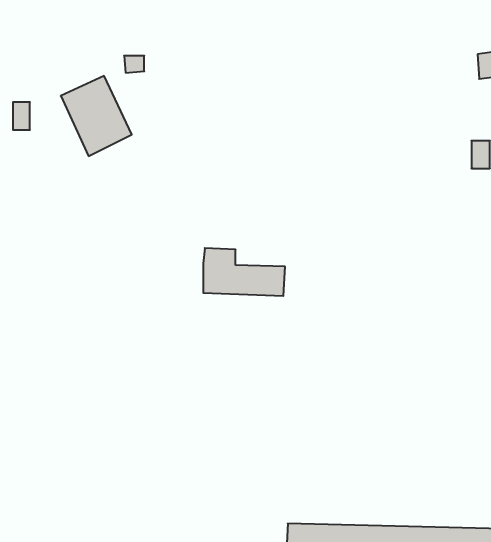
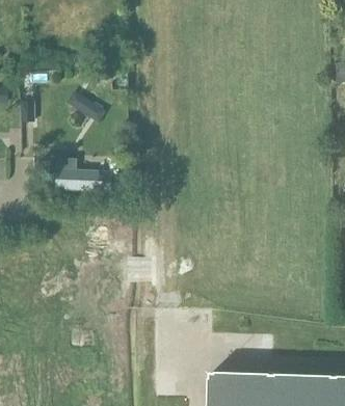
building: [203,248,285,296] -> [55,157,110,189]

